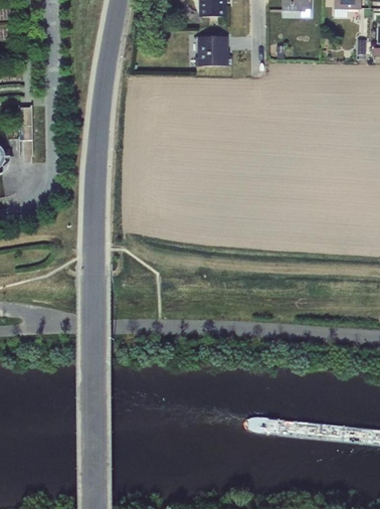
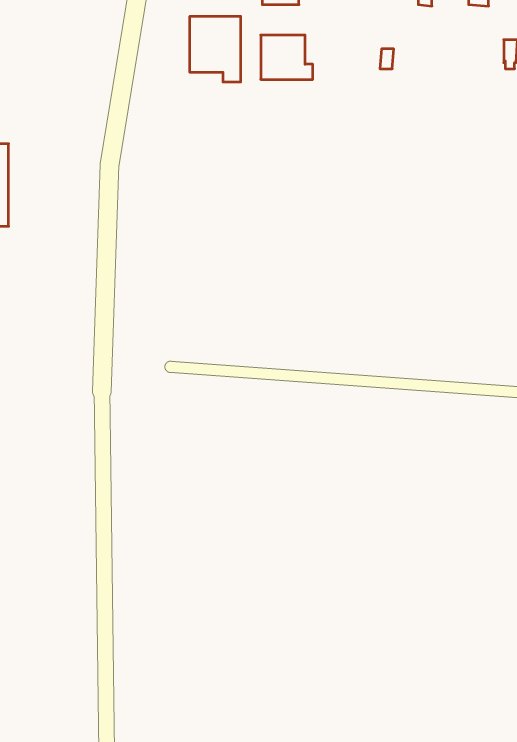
building: none -> [190,16,241,82]

